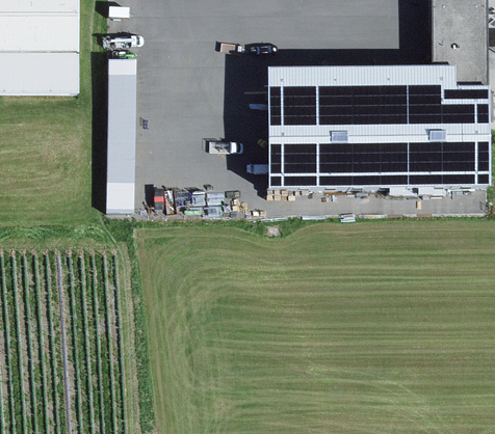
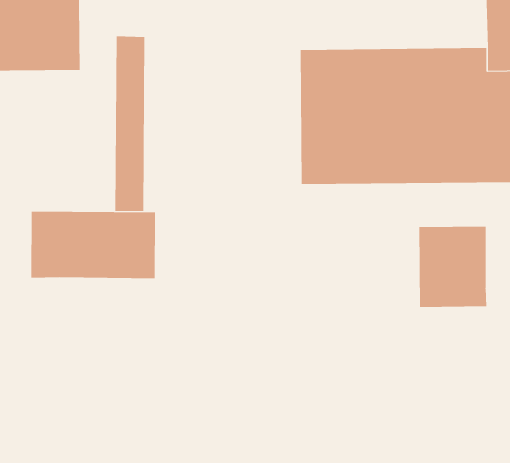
building: none -> [31,211,155,279]
building: none -> [419,226,487,308]

